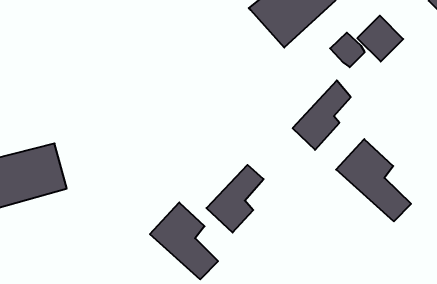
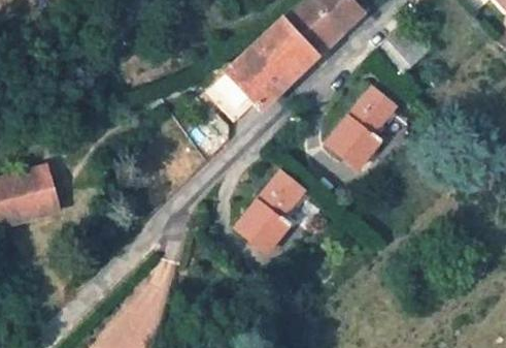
building: none -> [206,14,315,120]
building: [336,139,411,221] -> none
building: [150,202,218,279] -> none

